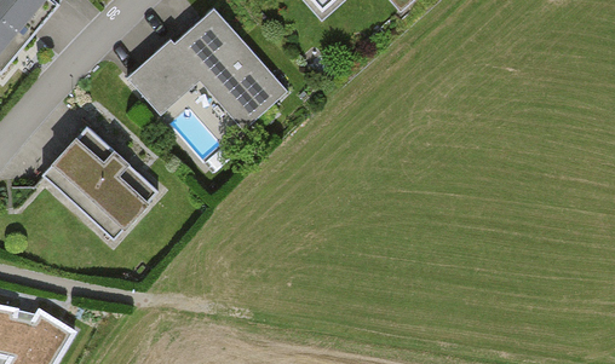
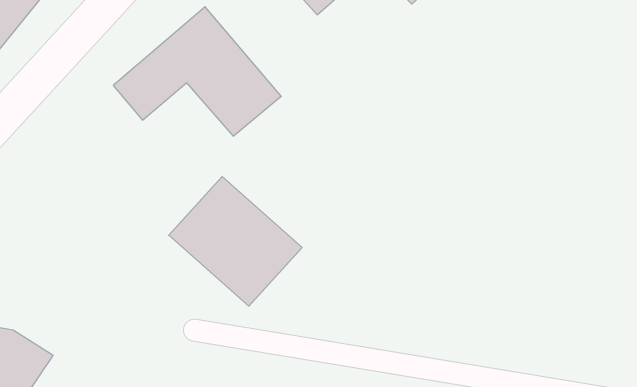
building: [39,127,160,244] -> [169,177,302,306]

